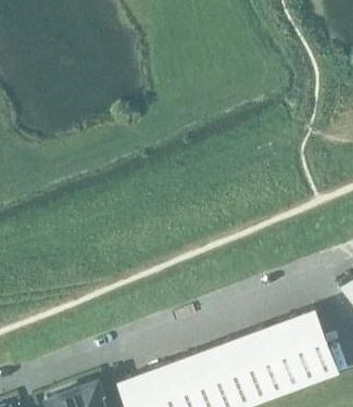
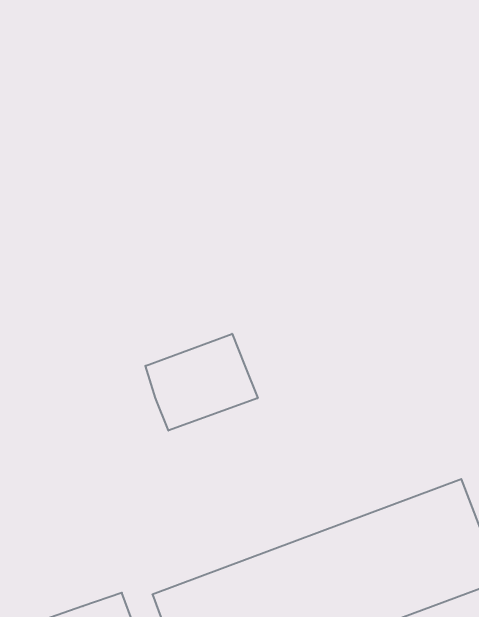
building: none -> [145,334,258,431]

